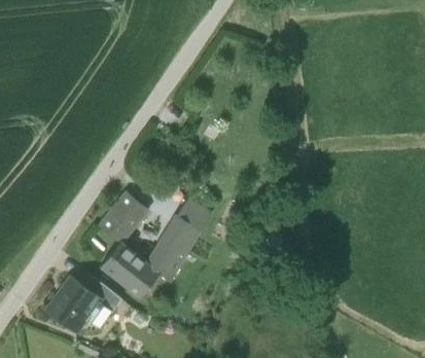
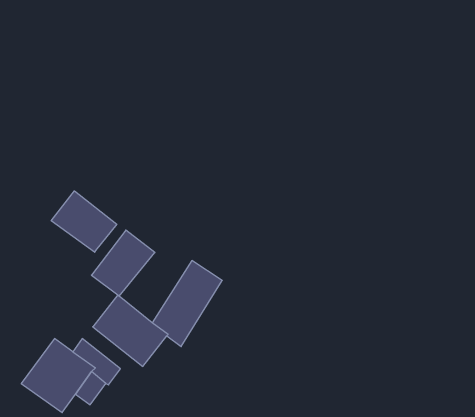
building: none -> [51,191,117,252]
building: [177,199,211,230] -> none

